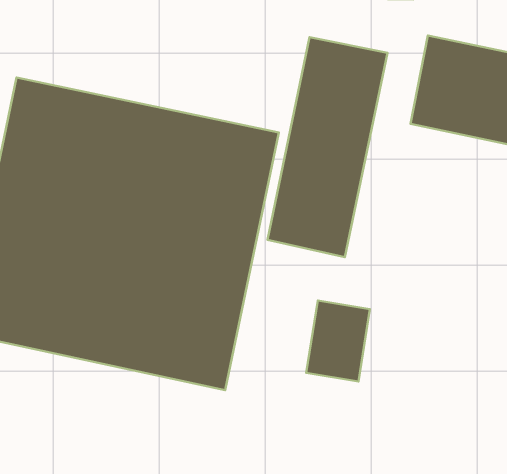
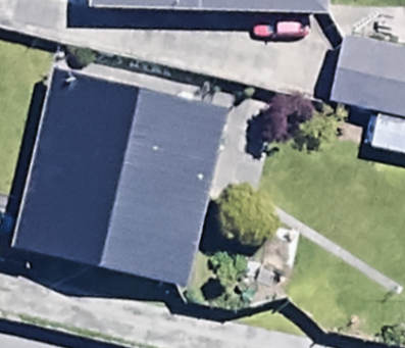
building: [267,37,387,257] -> none

